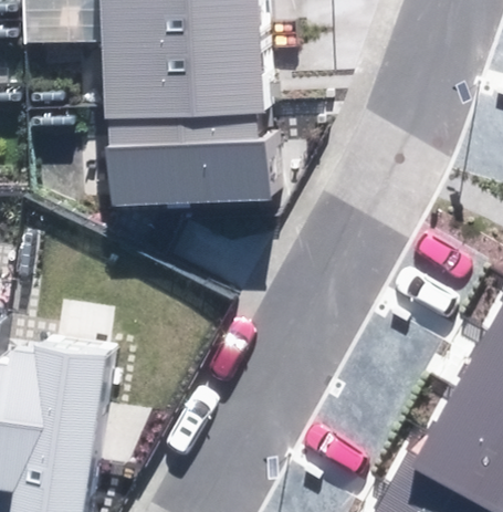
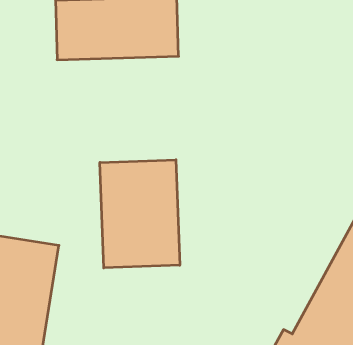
building: [108,119,266,201] -> none
building: none -> [100,160,180,268]

